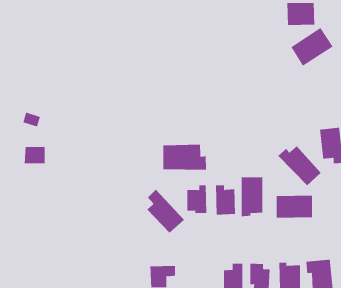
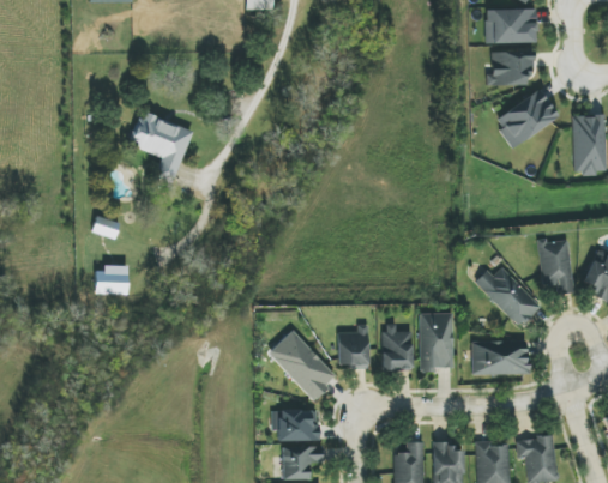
building: none -> [130,110,193,183]
building: [163,144,206,171] -> none
building: none -> [273,410,320,441]

